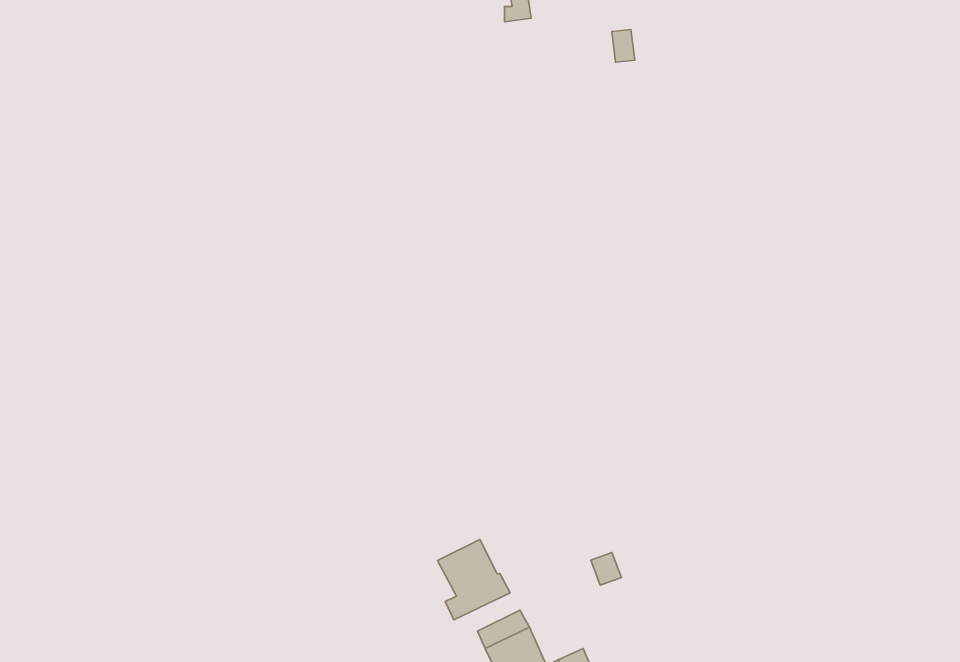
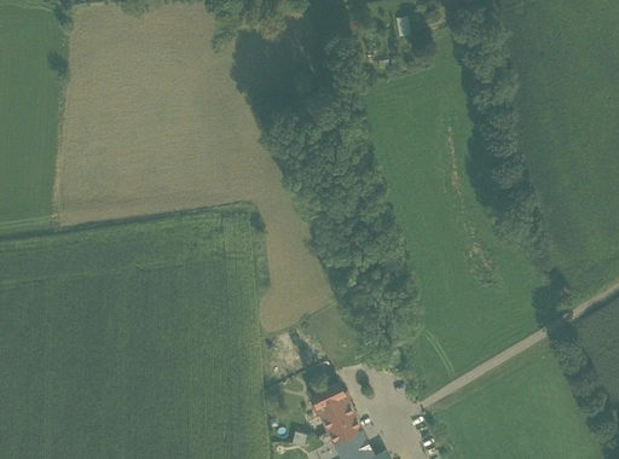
building: [438,539,510,620] -> none

